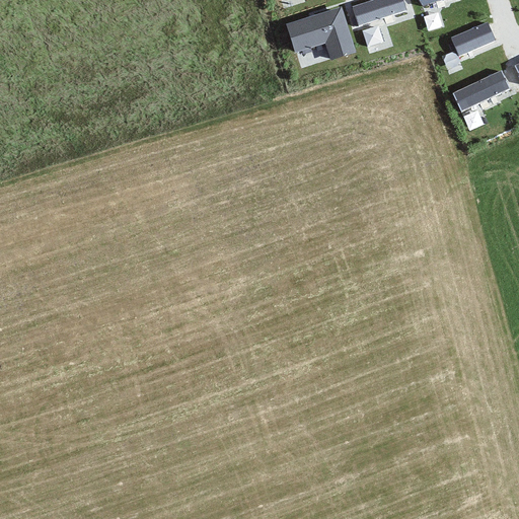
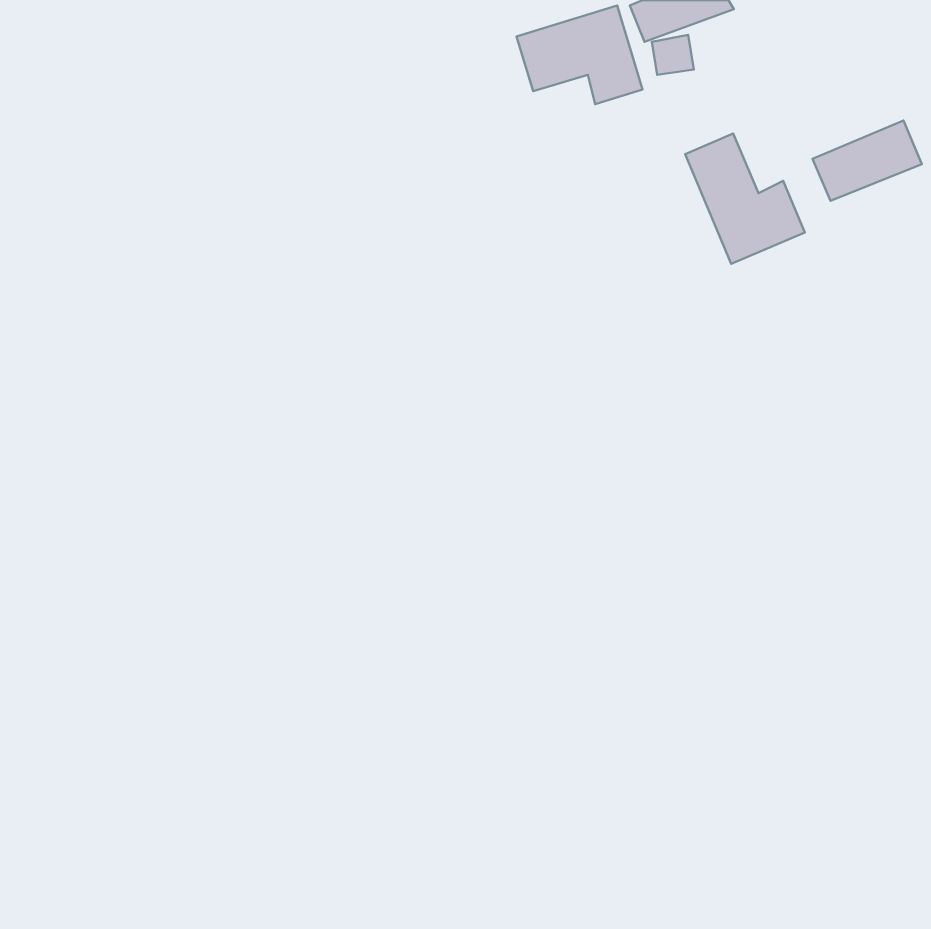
building: [449,20,497,56] -> none
building: none -> [685,134,805,264]

